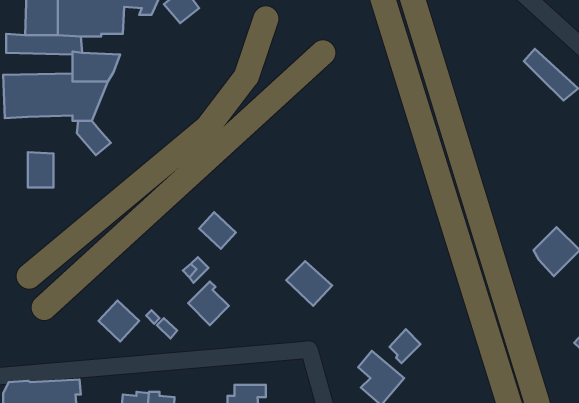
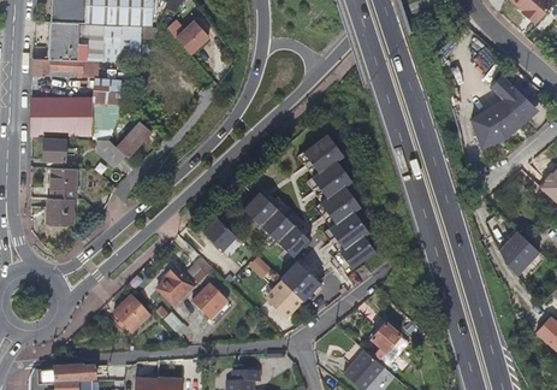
building: none -> [472,99,526,148]
building: none -> [115,120,153,158]
building: none -> [296,132,375,271]
building: none -> [43,138,75,164]
building: none -> [242,193,309,258]
building: none -> [47,196,73,223]
building: none -> [156,266,194,305]
building: none -> [263,279,303,319]

